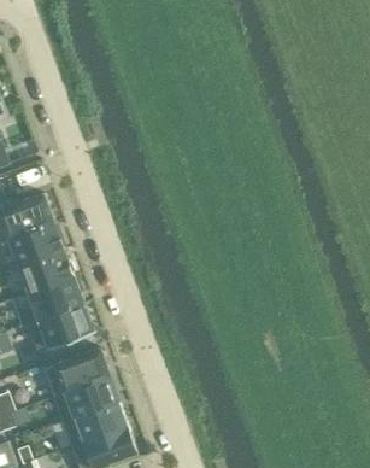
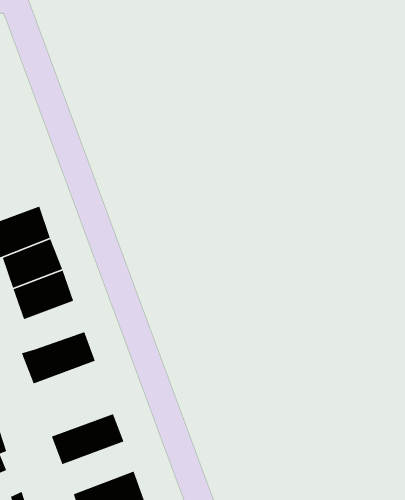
building: [29,277,83,320] -> none
building: [43,349,108,397] -> none
building: [63,402,127,447] -> none

